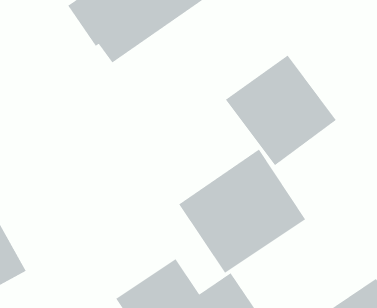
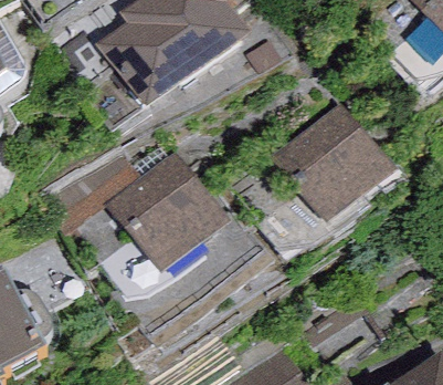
building: none -> [103,147,232,275]
building: [178,148,306,274] -> none

